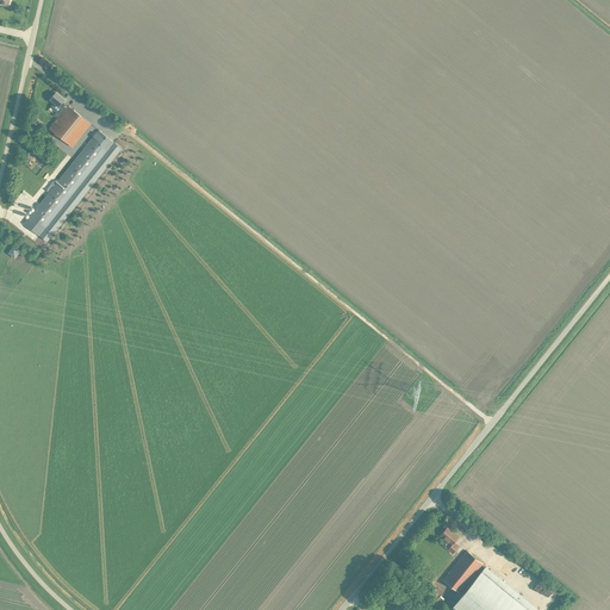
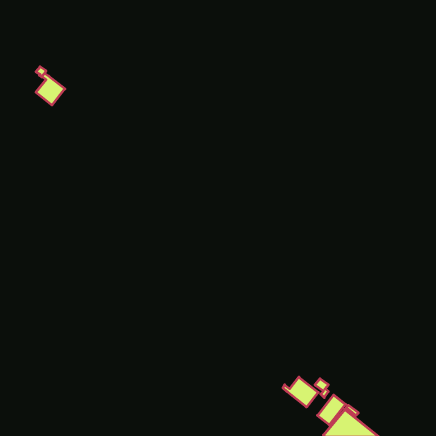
building: [32,141,106,228] -> none
building: none -> [283,377,318,407]

